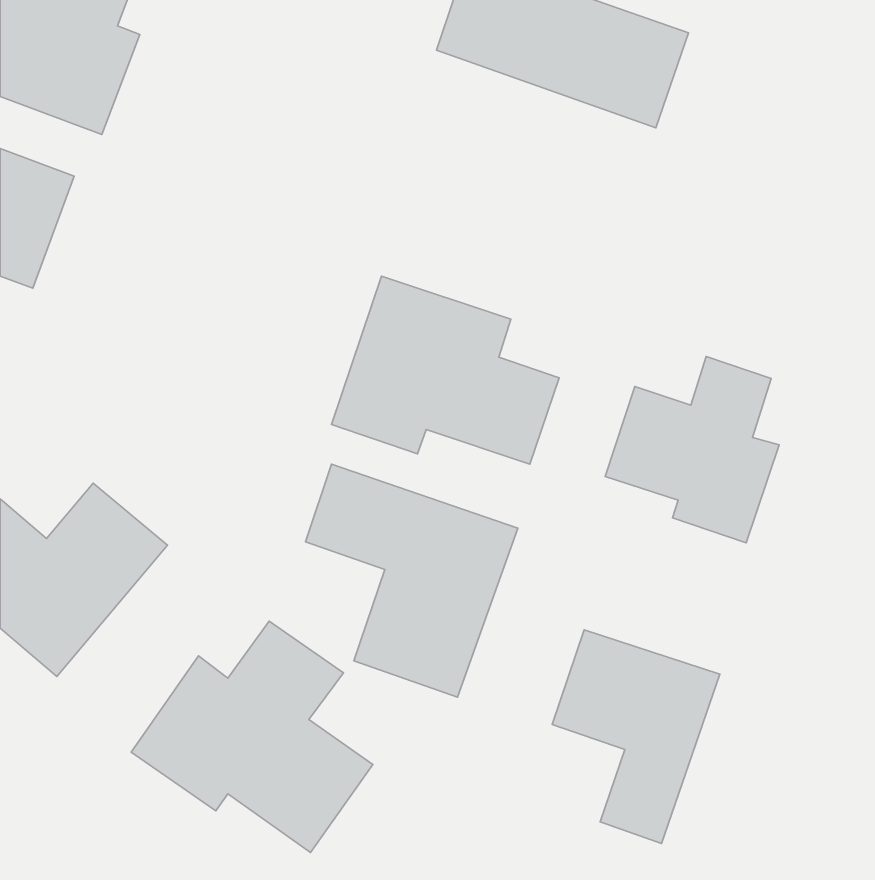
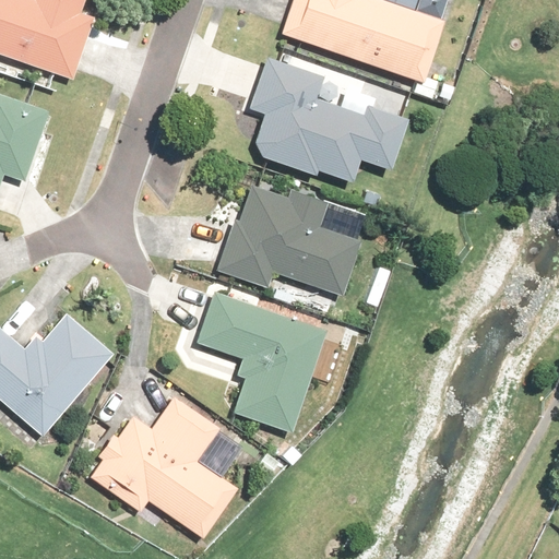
building: none -> [243,52,412,183]
building: [605,357,779,543] -> none
building: [552,630,720,844] -> none

